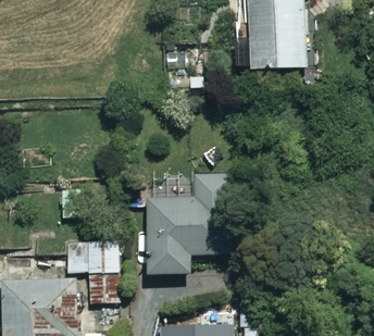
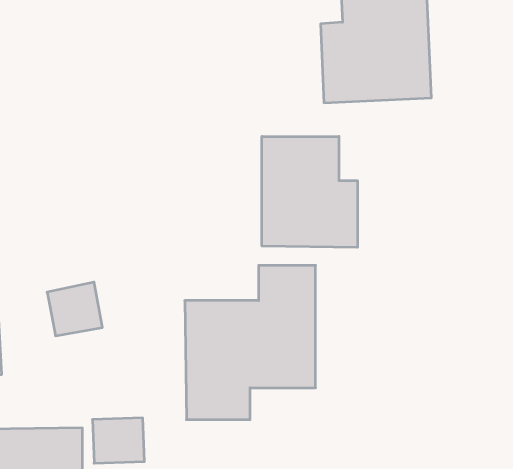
building: none -> [262,136,357,247]
building: [66,237,119,272] -> none

